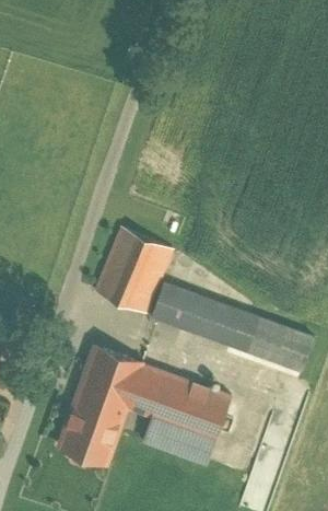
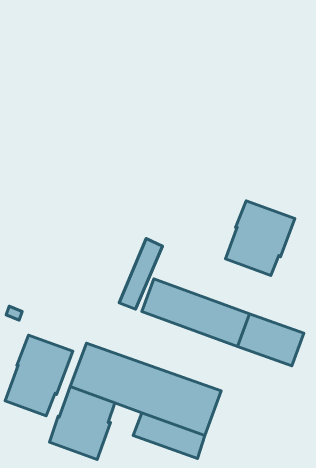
building: none -> [225,201,295,275]
building: [94,229,155,307] -> none
building: none -> [5,335,73,416]

